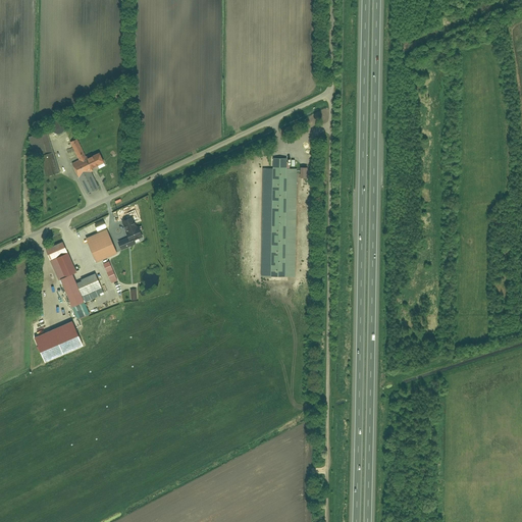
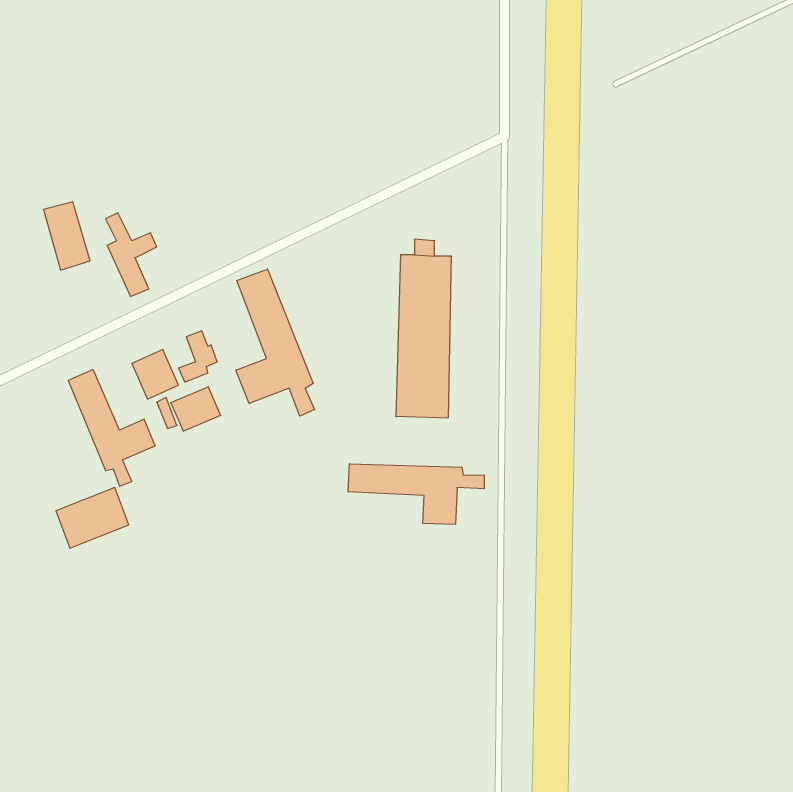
building: none -> [236,269,315,416]
building: none -> [171,387,221,431]
building: none -> [348,464,484,524]

